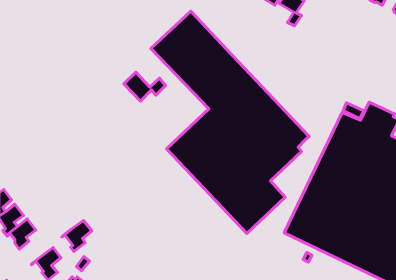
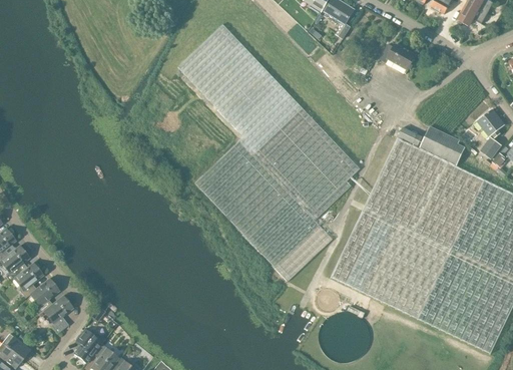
building: none -> [379,44,415,71]
building: [124,72,165,101] -> none
building: [62,220,92,252] -> [24,279,59,315]

